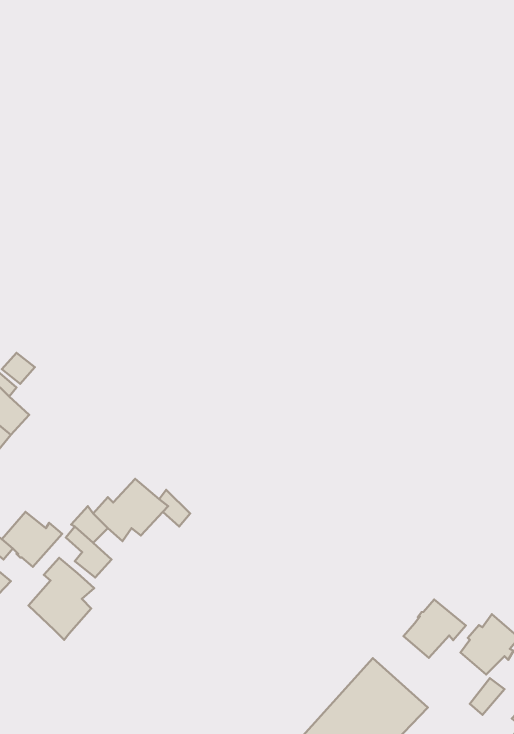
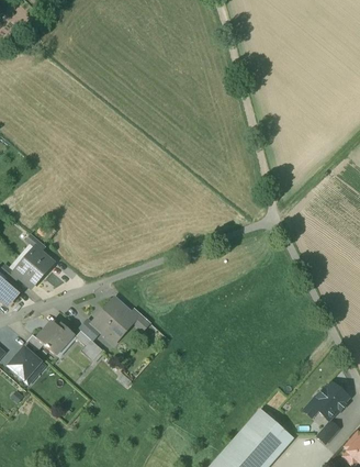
building: [29,558,94,640] -> none
building: [403,599,466,658] -> none

